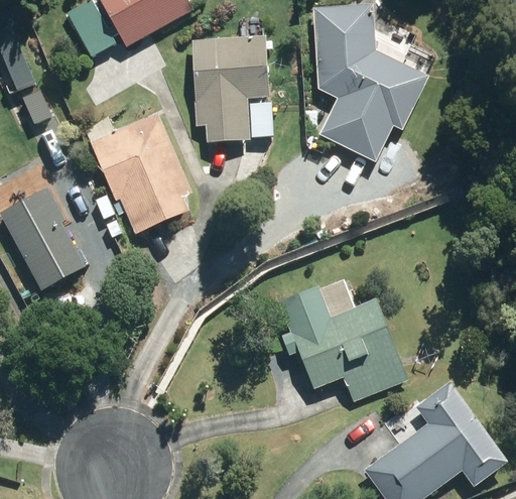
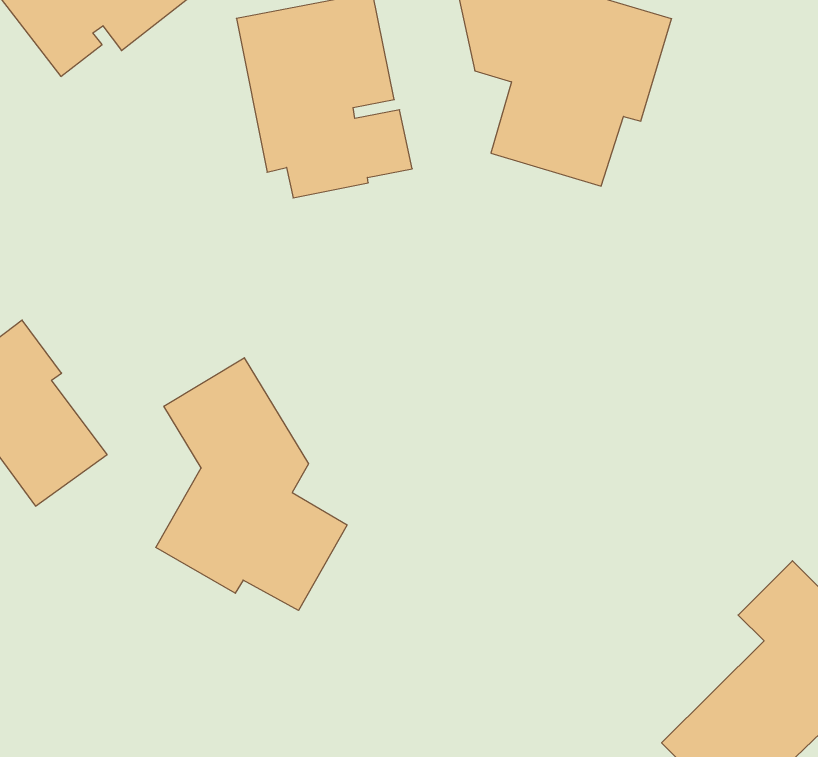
building: [84,113,190,234] -> none
building: none -> [156,358,347,610]
building: [279,287,408,402] -> none

